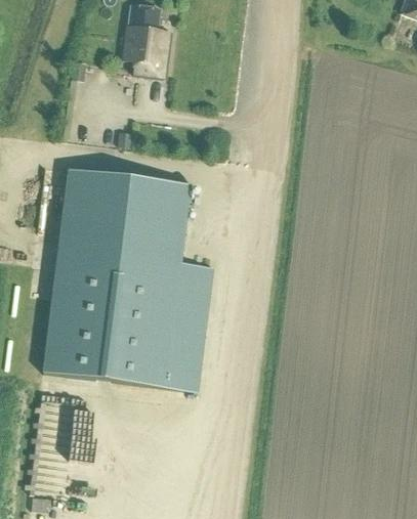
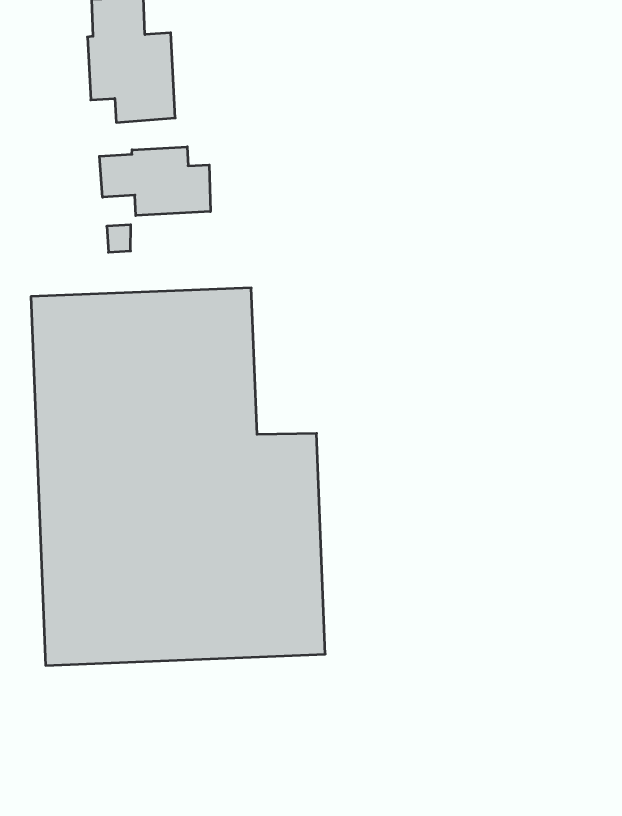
building: none -> [99,147,210,216]

